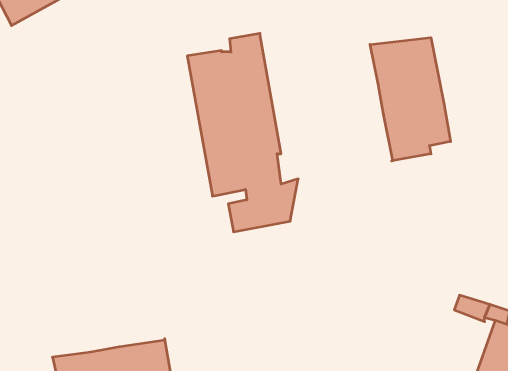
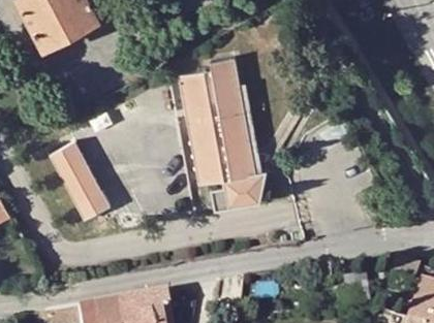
building: [370,38,451,161] -> none
building: none -> [51,140,112,218]

